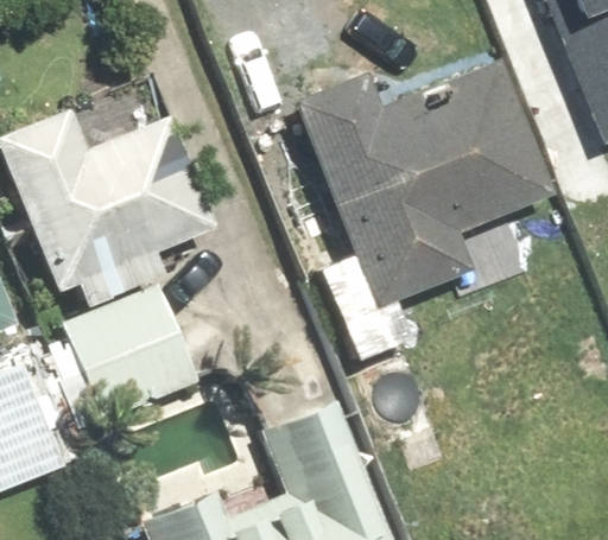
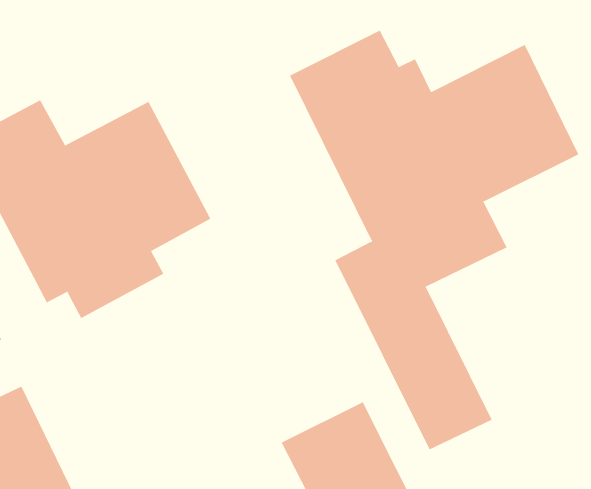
building: [50,288,197,427] -> none

